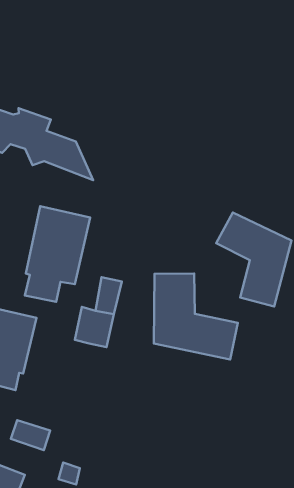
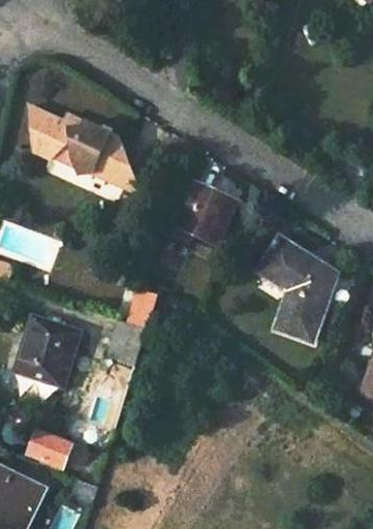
building: none -> [180,183,237,243]
building: [25,206,90,302] -> none
building: [154,273,238,360] -> none

